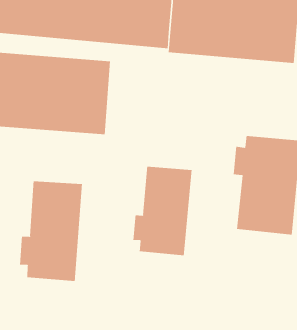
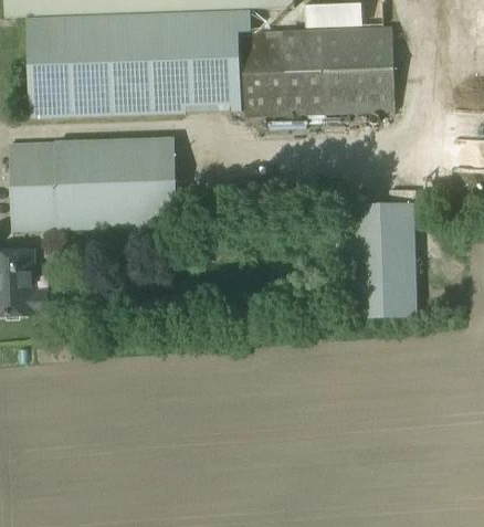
building: [133,166,192,256] -> none
building: [19,181,83,282] -> none

